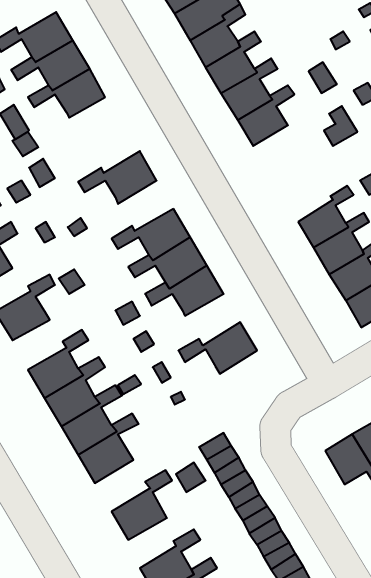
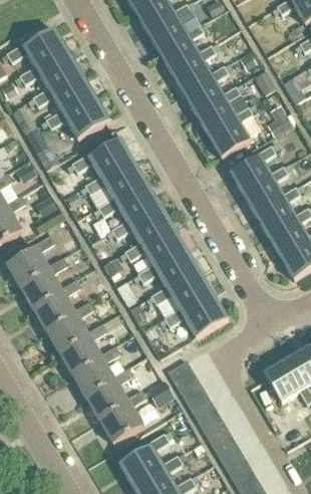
building: none -> [47,96,108,136]
building: none -> [210,107,253,157]
building: none -> [232,145,275,194]
building: none -> [86,162,147,201]
building: none -> [138,250,200,290]
building: none -> [22,256,68,309]
building: none -> [165,294,226,334]
building: none -> [86,365,133,420]

